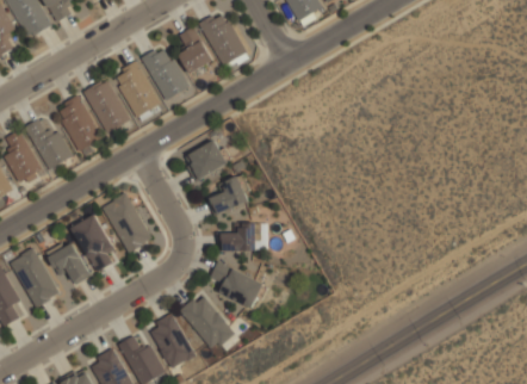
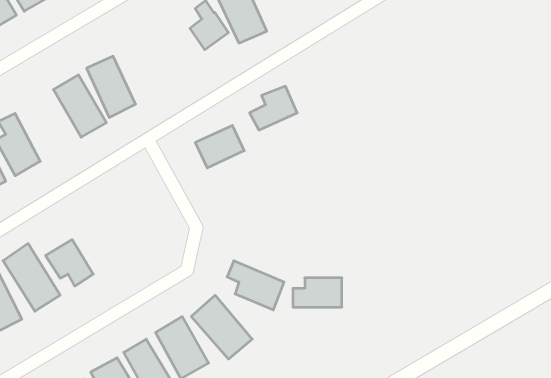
building: [142,44,188,99] -> none
building: [113,61,161,117] -> none
building: [24,119,73,171] -> none
building: [209,174,252,213] -> [250,86,297,130]
building: [103,192,153,253] -> none
building: [72,215,120,272] -> none
building: [222,223,266,249] -> [293,278,342,307]

